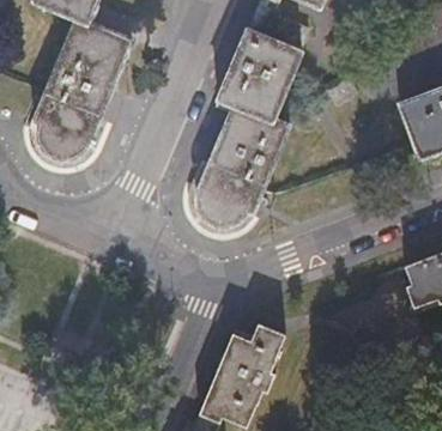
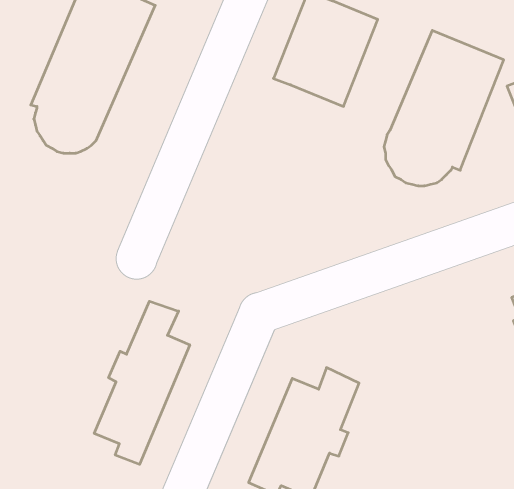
building: [195,104,287,224] -> [384,30,504,186]
building: none -> [94,301,190,464]

